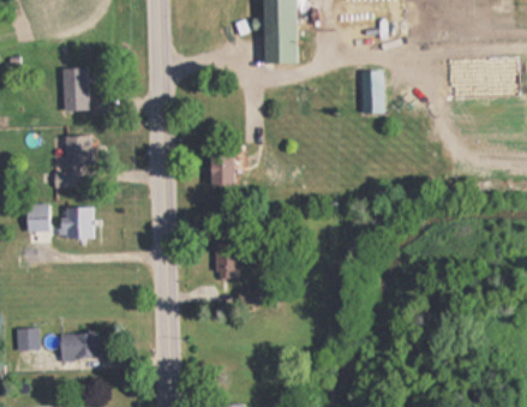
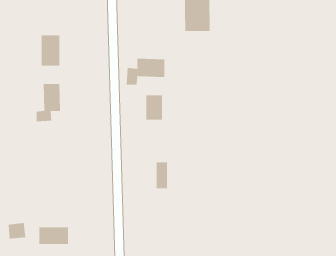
building: [363,71,383,113] -> none
building: none -> [126,58,165,85]
building: [26,205,52,232] -> none
building: [60,208,94,239] -> none

